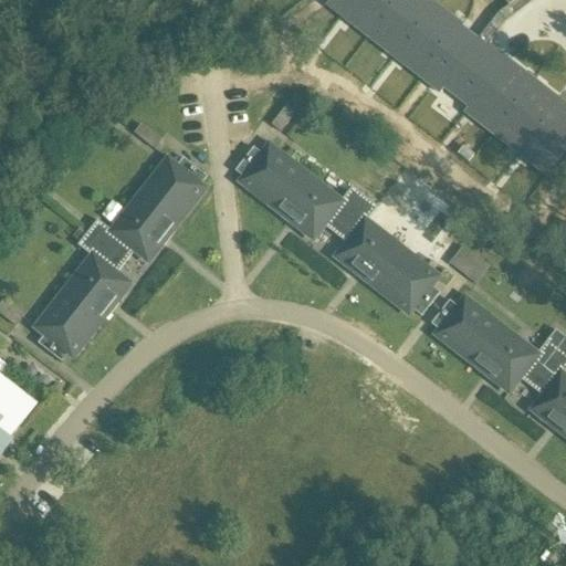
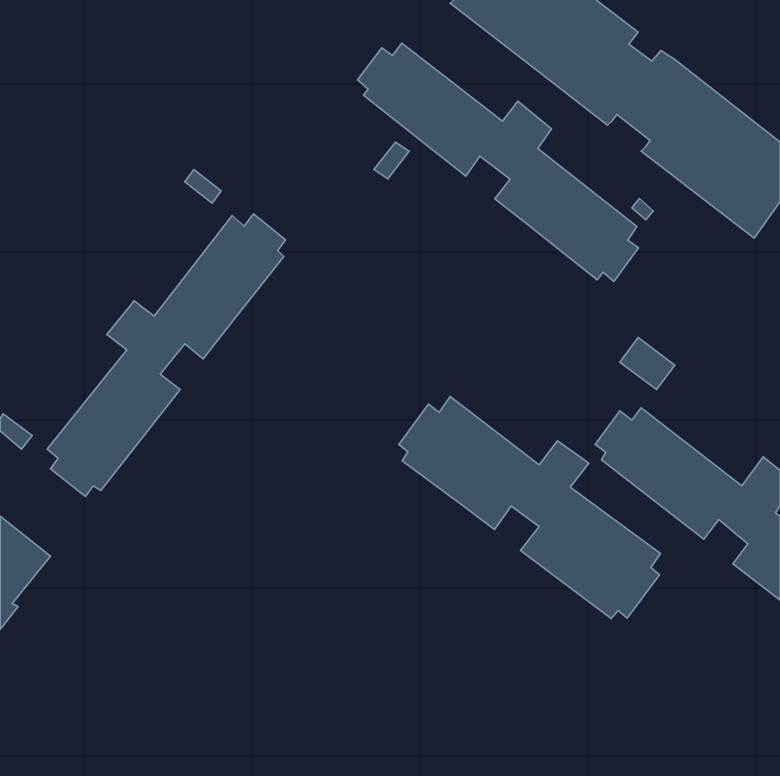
building: [235,142,439,314] -> [358,43,638,281]
building: none -> [399,396,661,618]

